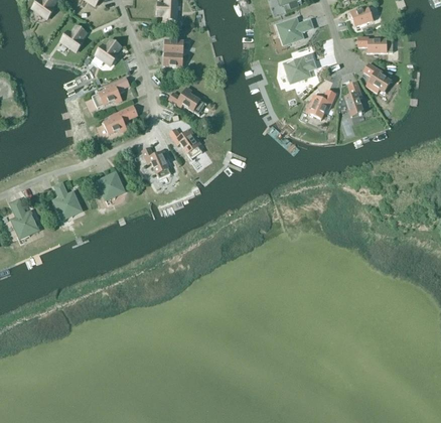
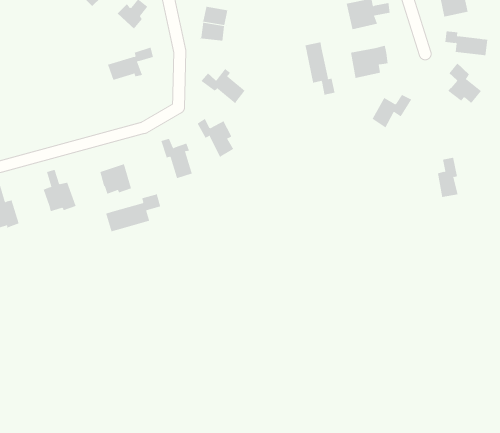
building: none -> [305,42,335,95]
building: [344,82,363,115] -> [437,157,458,198]
building: [102,106,137,134] -> none
building: none -> [106,193,161,232]

